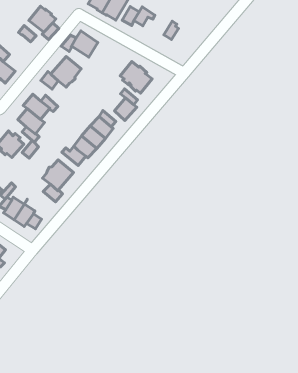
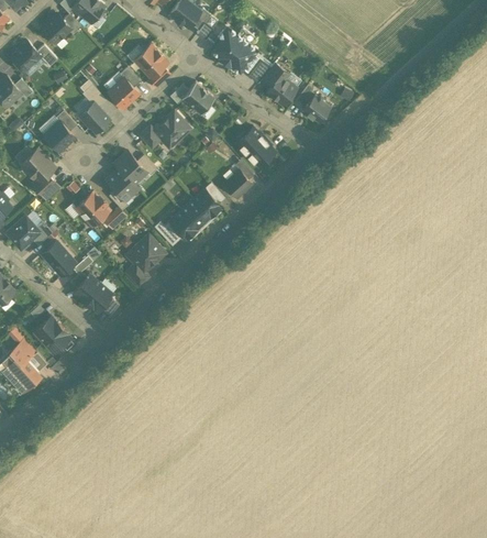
building: none -> [266,76,296,106]
building: none -> [302,95,331,123]
building: none -> [108,78,139,109]

